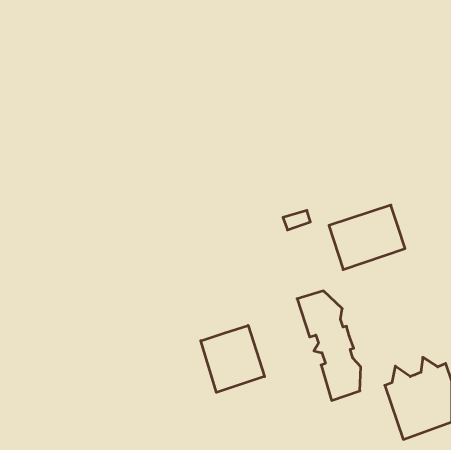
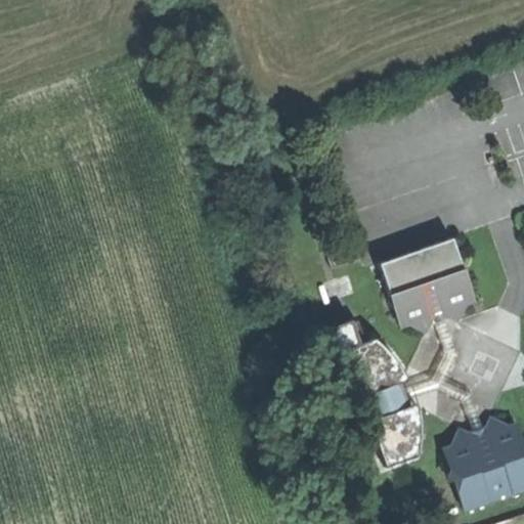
building: none -> [398,290,476,331]
building: [201,325,265,392] -> none

